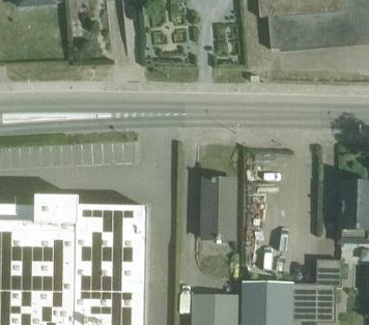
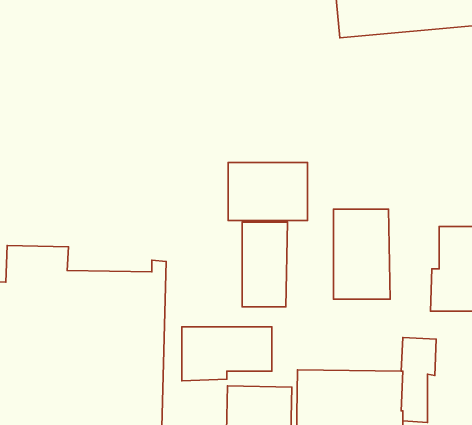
building: none -> [228,162,308,220]
building: none -> [334,209,390,299]
building: none -> [182,327,272,381]

